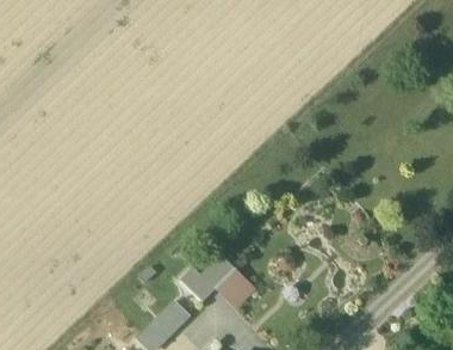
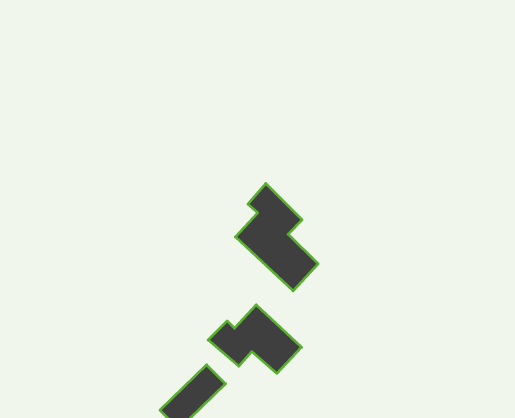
building: none -> [235,183,318,291]

